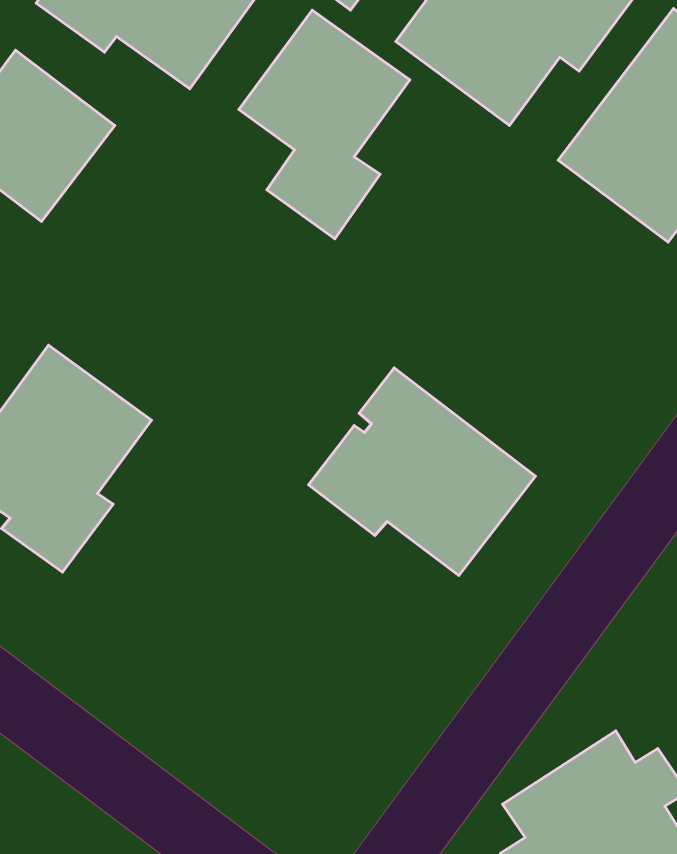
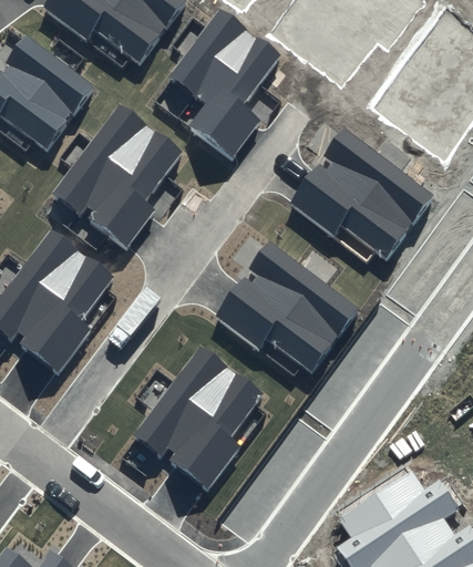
building: none -> [50,105,181,249]
building: none -> [289,128,433,260]
building: none -> [134,344,266,488]

